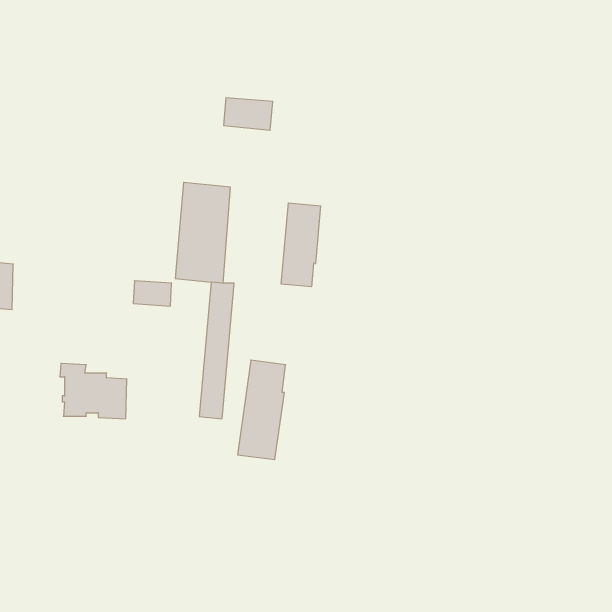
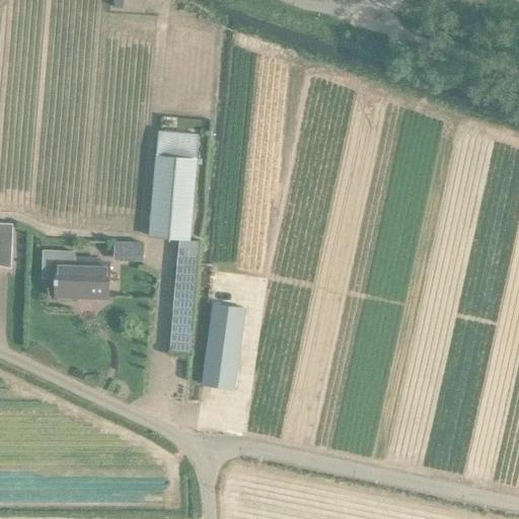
building: [224,98,273,130] -> [155,132,197,159]
building: [281,203,320,287] -> none
building: [60,363,127,419] -> [51,251,107,298]

